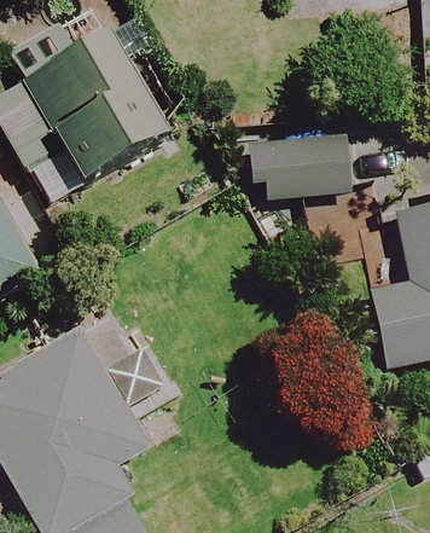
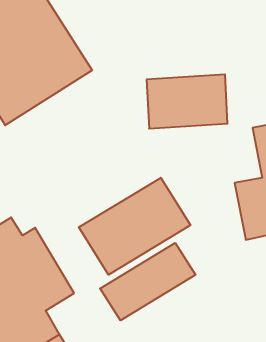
building: none -> [79,178,190,275]
building: none -> [100,243,195,320]

